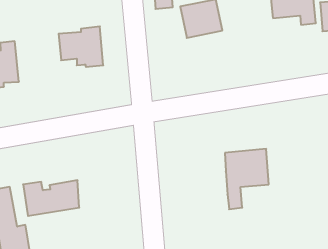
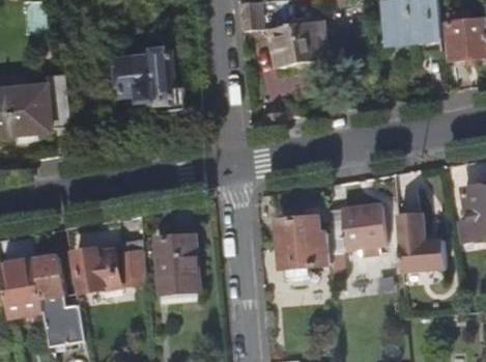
building: none -> [396,214,448,273]
building: none -> [274,219,331,270]
building: none -> [155,236,198,295]

